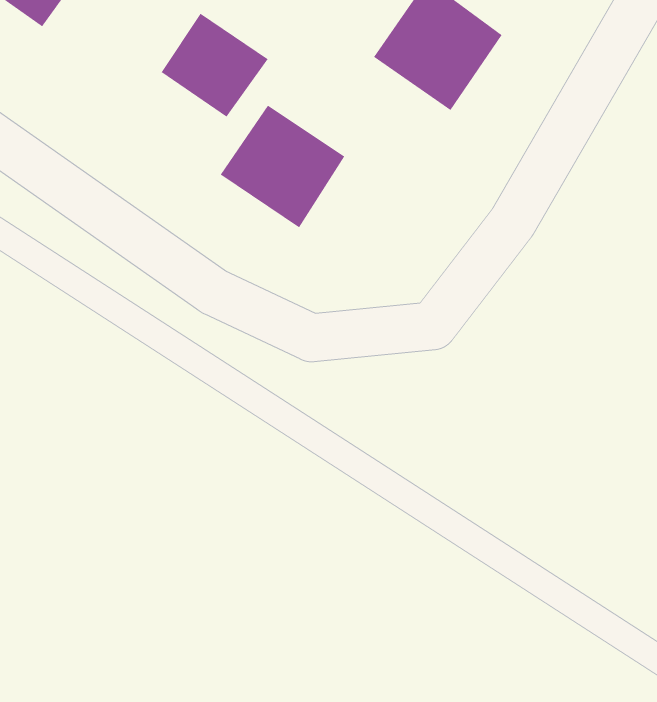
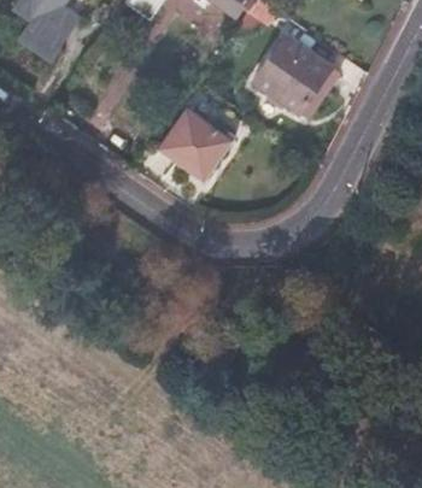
building: [161,13,269,118] -> none

